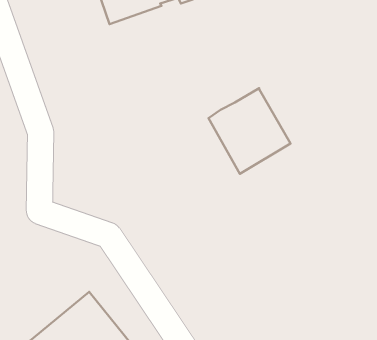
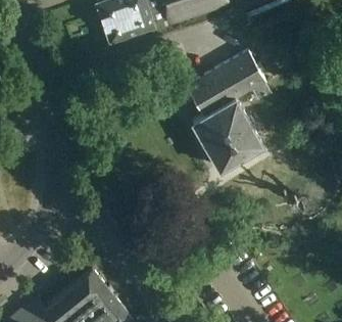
building: none -> [186,49,264,113]

